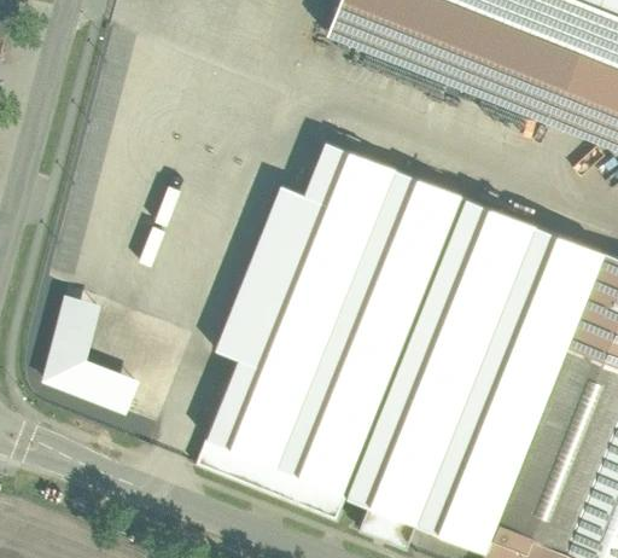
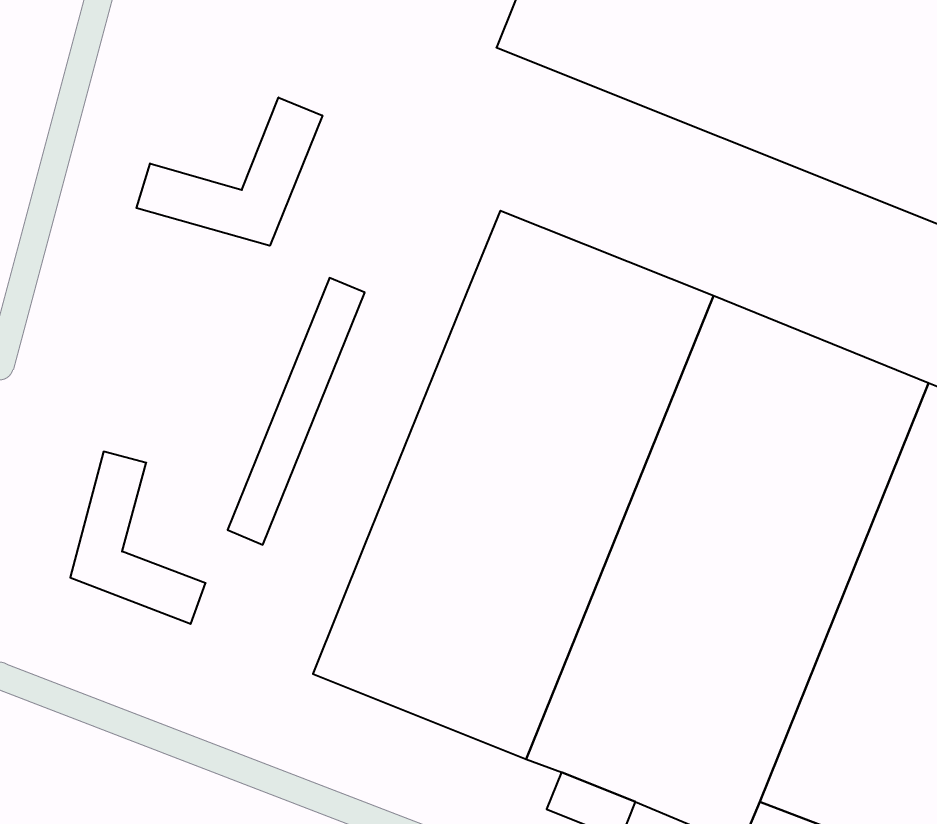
building: none -> [136,97,322,246]
building: [216,184,305,358] -> [228,278,365,545]
building: [196,442,344,522] -> none

